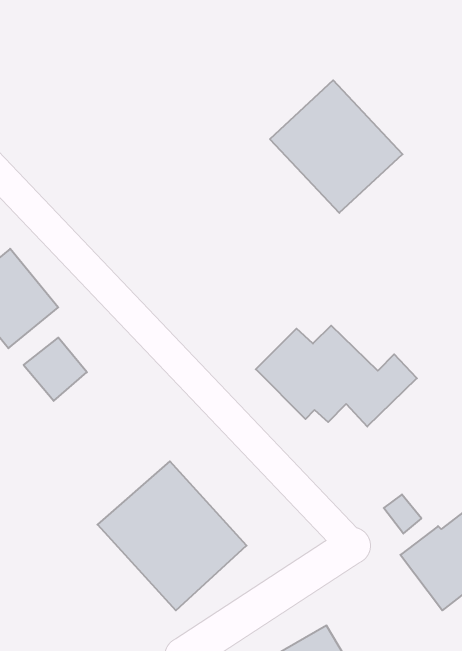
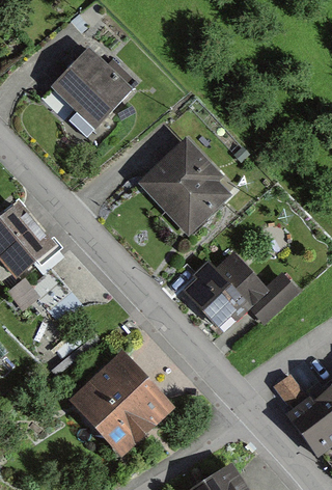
building: none -> [52,49,134,130]
building: [270,80,403,213] -> [143,142,234,234]

